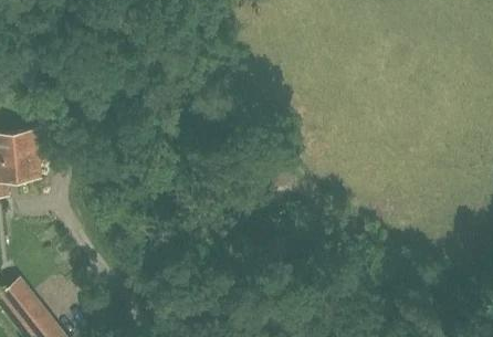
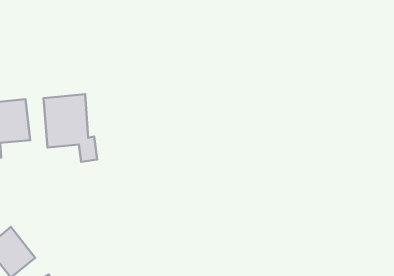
building: none -> [43,94,97,162]

